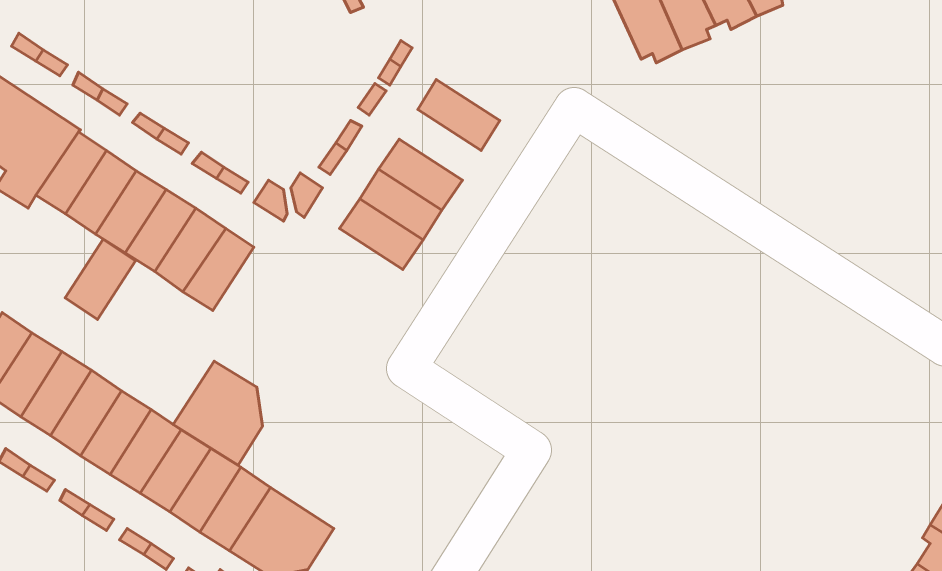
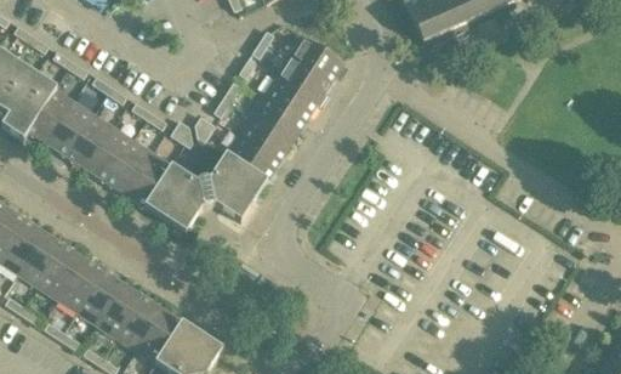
building: none -> [289,34,343,80]
building: none -> [264,73,318,119]
building: none -> [209,151,267,220]
building: [65,239,136,319] -> none
building: [173,361,263,465] -> [143,163,201,231]

